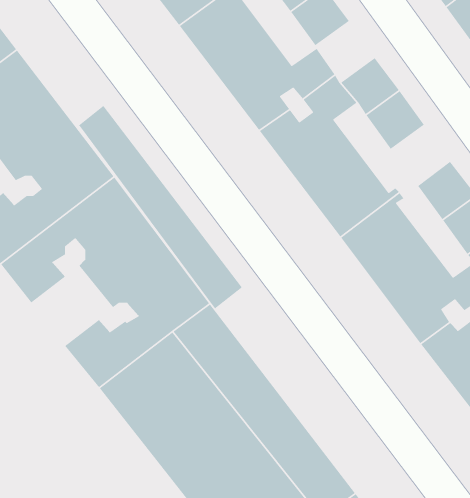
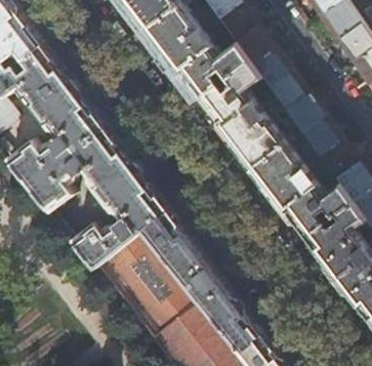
building: none -> [236,25,275,65]
building: [78,105,243,310] -> none
building: none -> [285,92,324,132]

